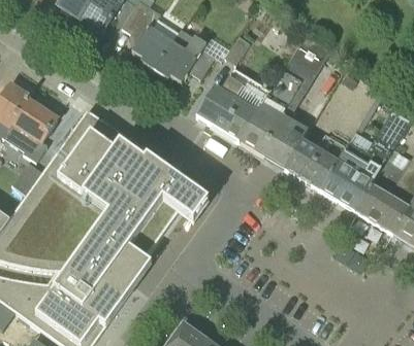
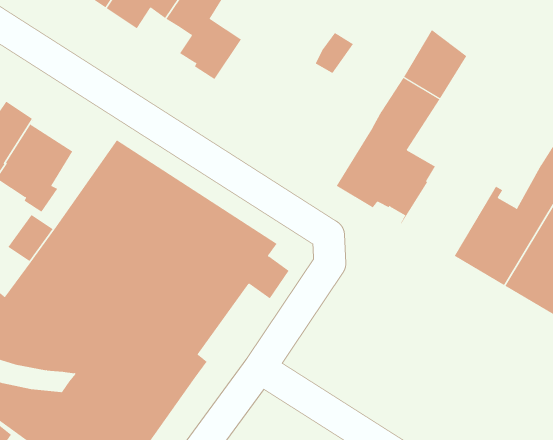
building: [156,21,215,83] -> none
building: [196,69,270,142] -> none
building: [285,134,347,191] -> none

